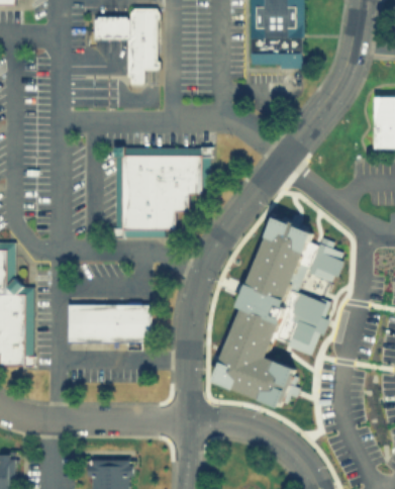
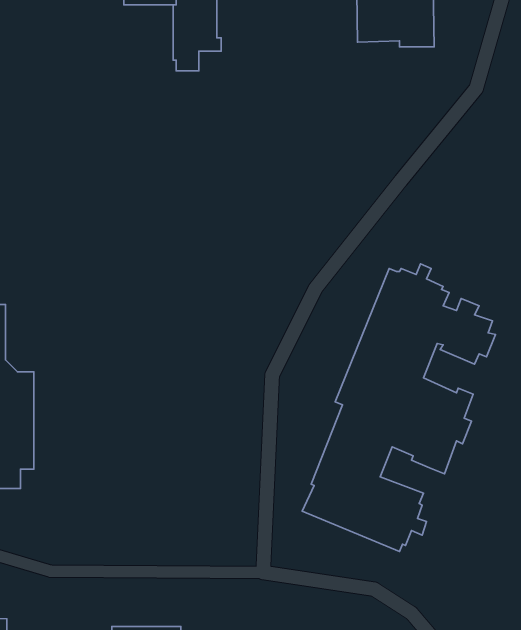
building: [113,146,209,236] -> none
building: [68,303,150,343] -> none

